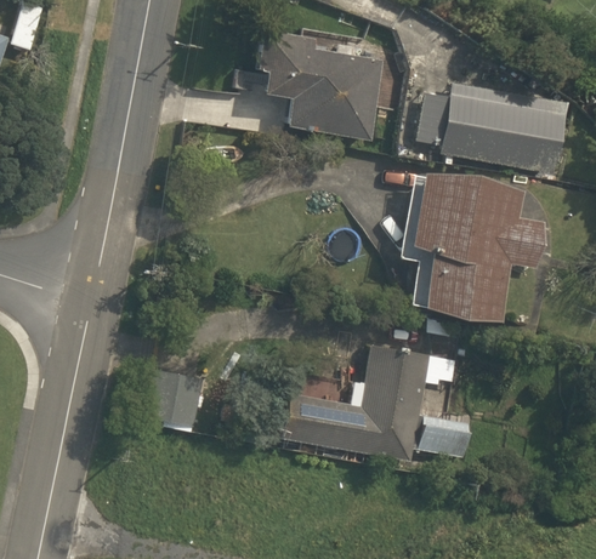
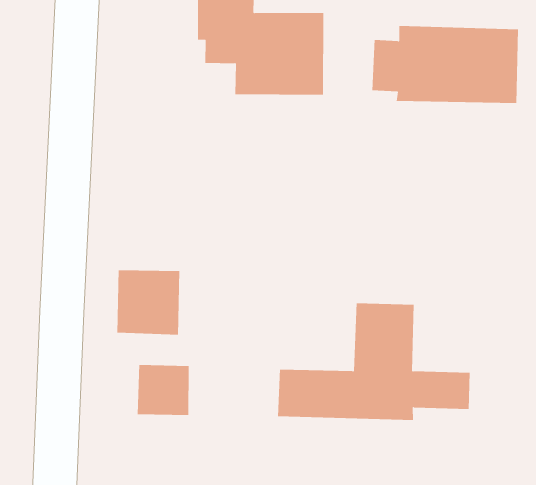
building: [398,172,546,321] -> none
building: none -> [117,270,180,336]

